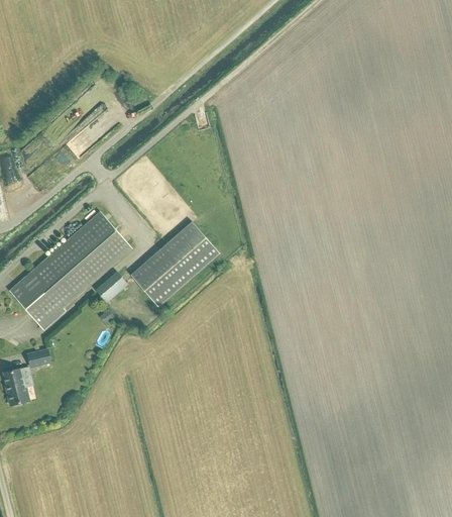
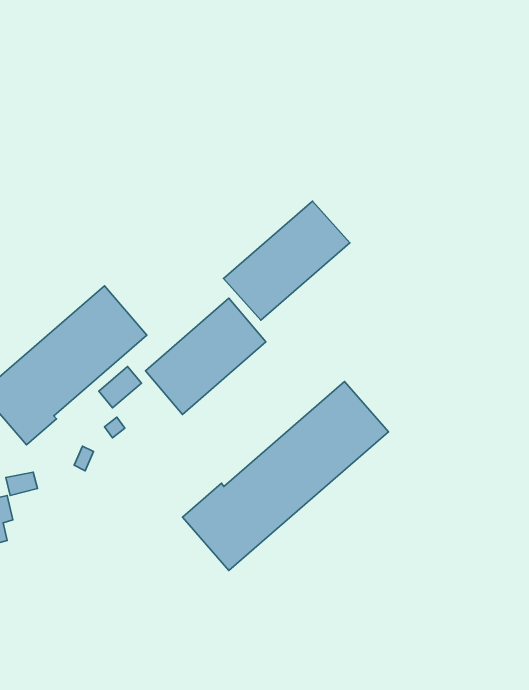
building: none -> [223,201,350,320]
building: none -> [183,382,388,571]

